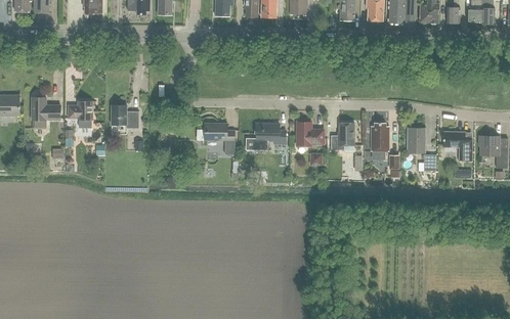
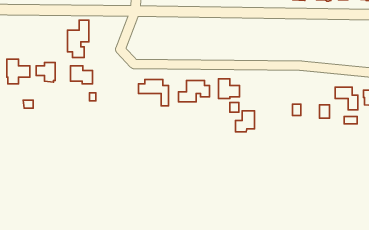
building: none -> [68,20,89,58]
building: [330,123,353,149] -> [236,111,254,132]
building: [371,123,388,151] -> none
building: [407,128,424,152] -> none

